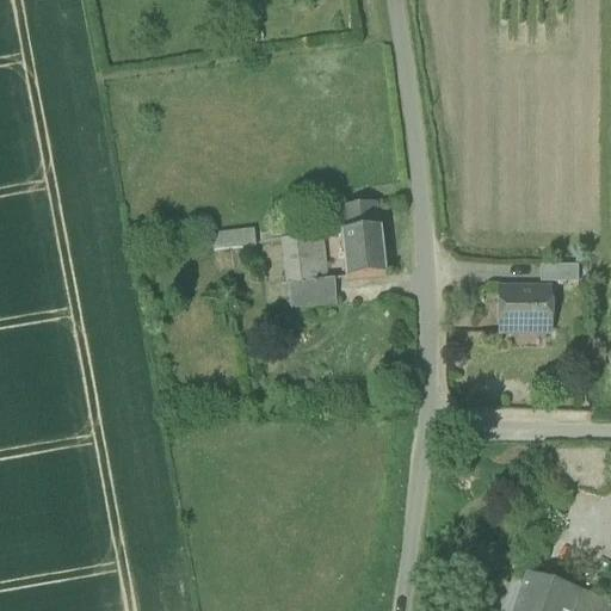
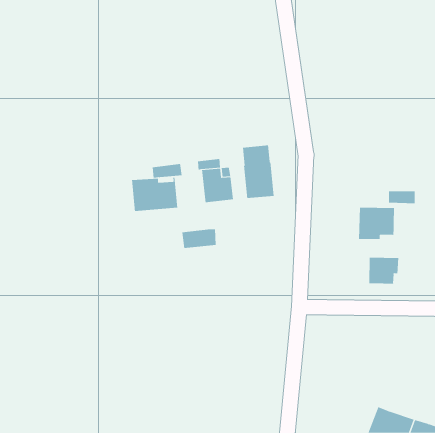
building: none -> [132,177,178,212]
building: [288,279,337,307] -> [182,229,217,248]
building: none -> [369,257,399,284]

